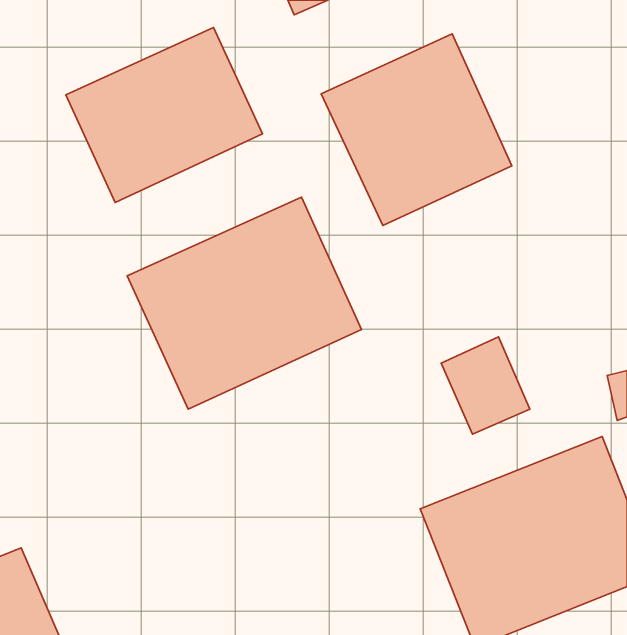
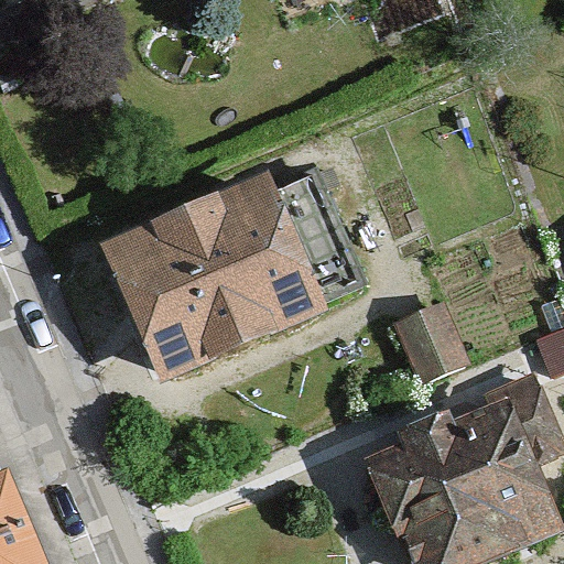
building: [66,27,263,203] -> none
building: [321,34,512,226] -> none

